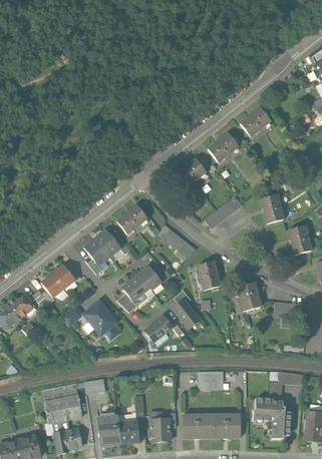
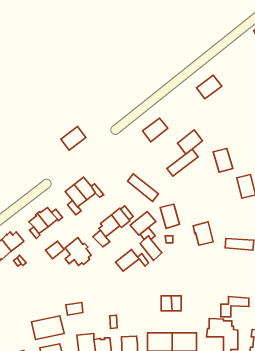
building: [208,132,238,161] -> [177,130,203,154]
building: [116,204,146,233] -> [61,127,86,150]
building: none -> [130,212,156,235]

